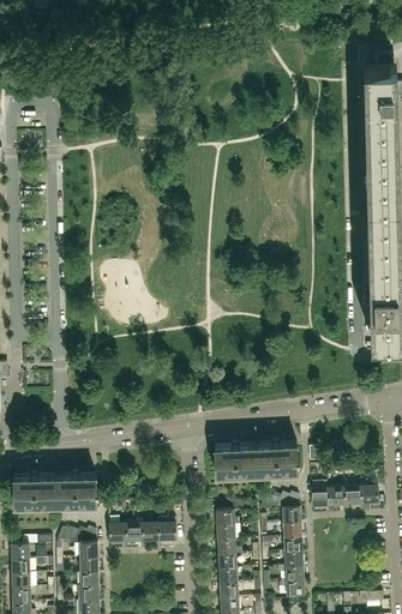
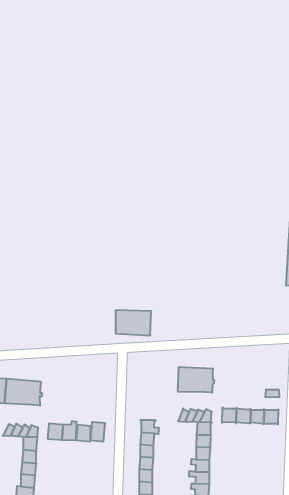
building: [212,445,256,475] -> [116,310,151,335]

